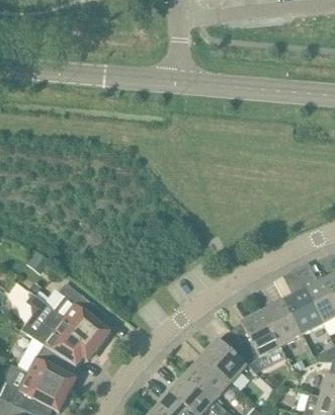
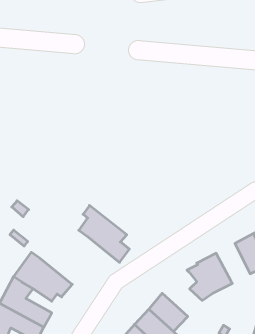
building: [53,281,110,346] -> [79,205,129,262]
building: [263,300,302,345] -> none
building: [201,332,247,383] -> none

